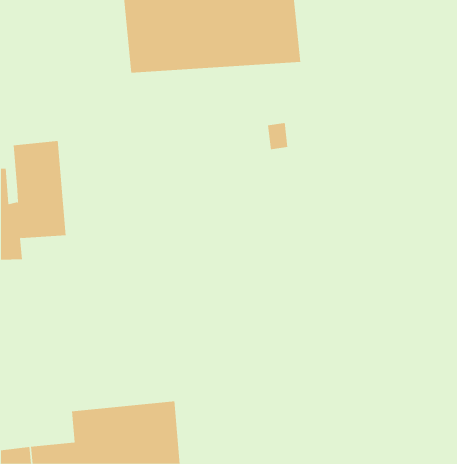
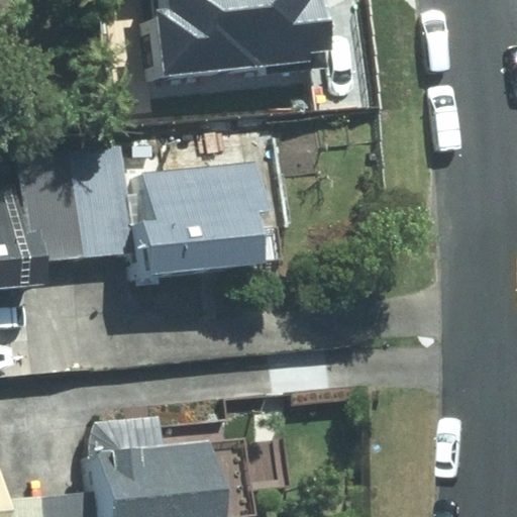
building: none -> [75,152,256,278]

